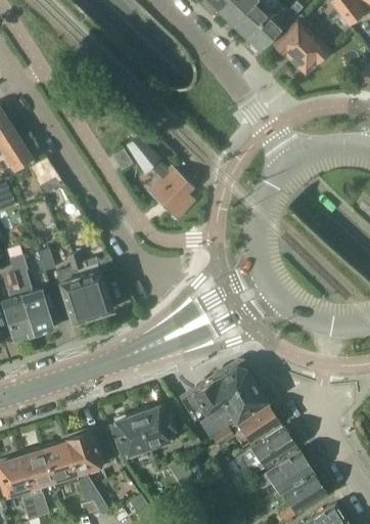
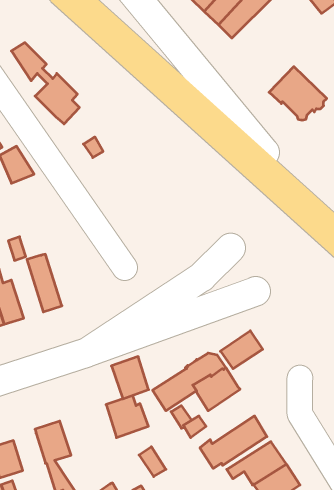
building: [272,18,329,72] -> [269,67,327,120]
building: [126,136,193,217] -> [11,43,79,124]
building: [67,251,110,316] -> none
building: [237,404,279,442] -> [220,331,263,369]
building: [108,414,145,456] -> [111,357,149,399]
building: [43,443,75,480] -> none

